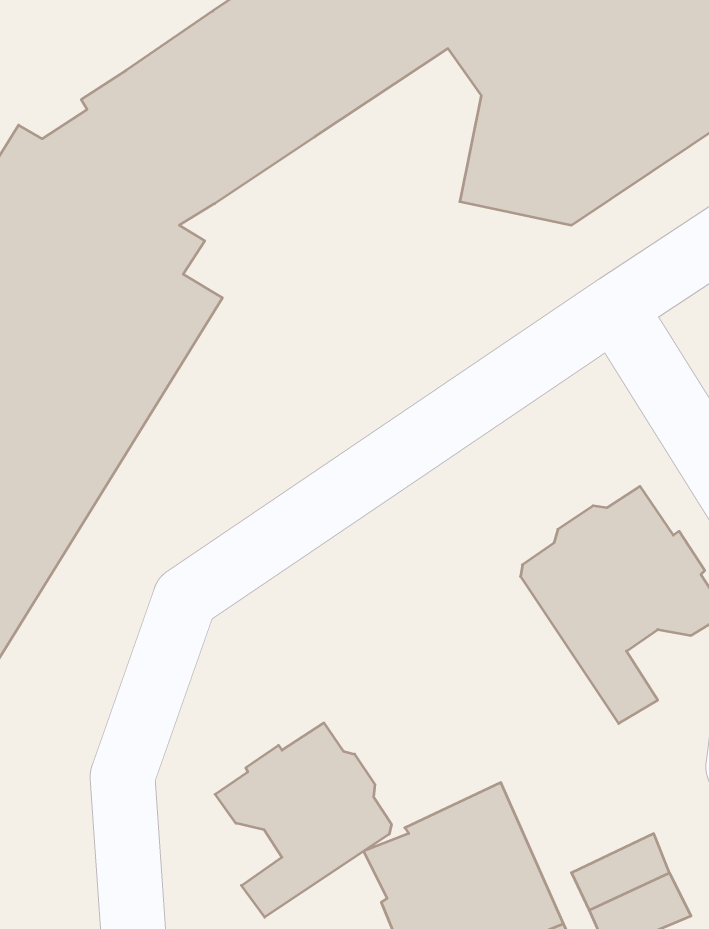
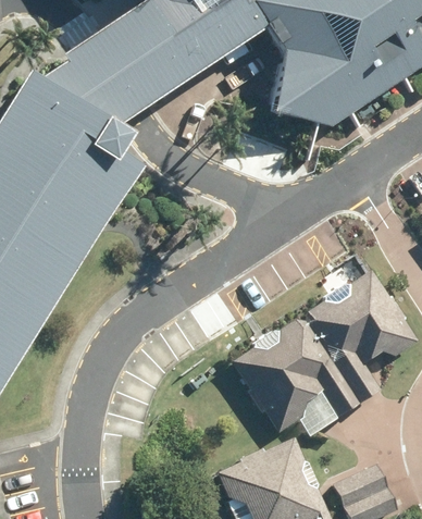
building: none -> [233,320,359,433]
building: [215,723,391,917] -> none

